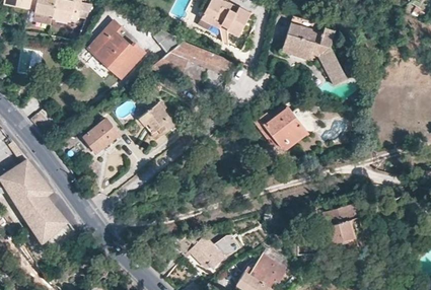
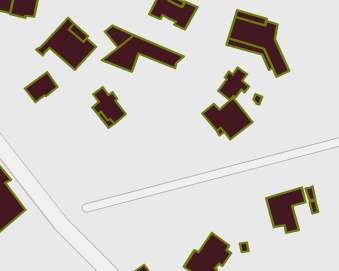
building: none -> [218,68,249,100]
building: [84,120,119,151] -> [25,72,58,102]
building: [175,230,238,269] -> none

